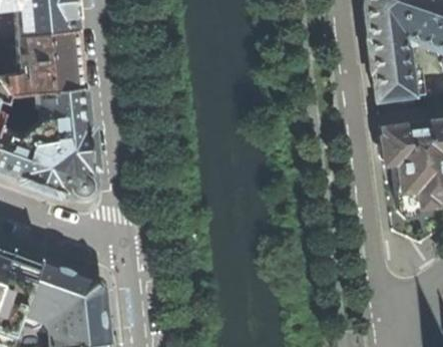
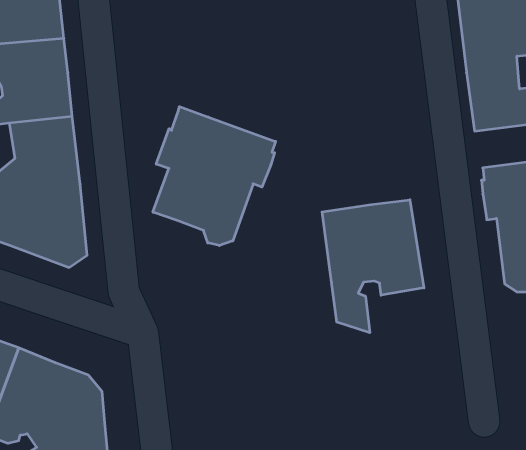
building: none -> [153,107,276,246]
building: none -> [322,200,424,333]

